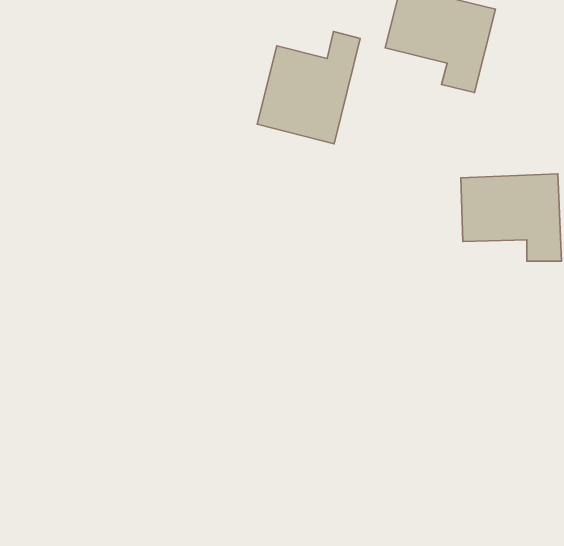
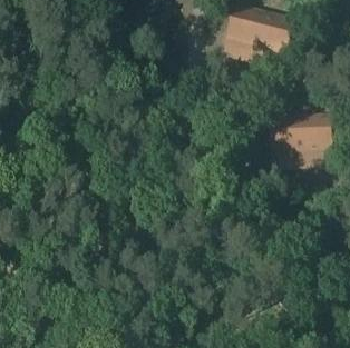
building: [257,31,360,144] -> none

